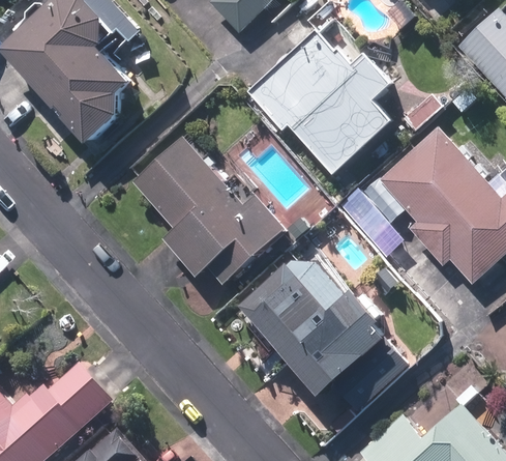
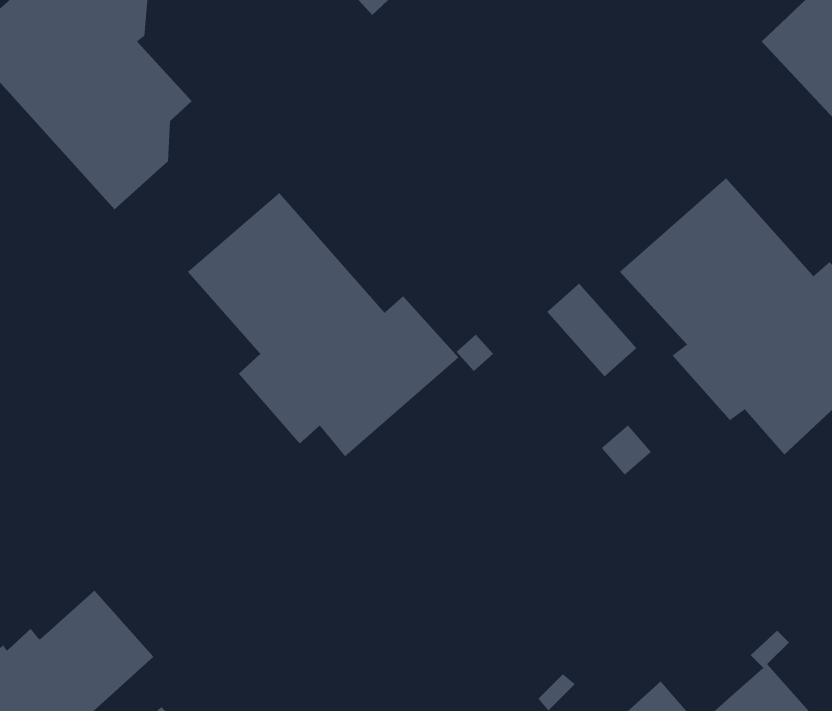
building: [246,30,393,175] -> none
building: [234,249,408,410] -> none

